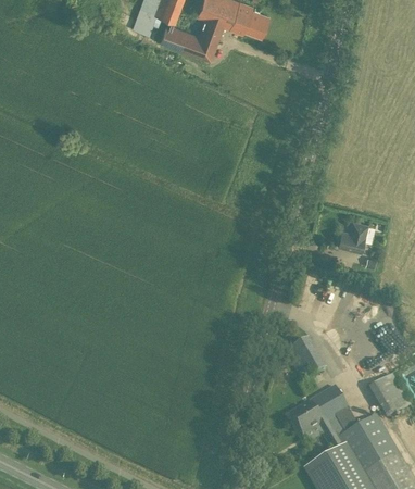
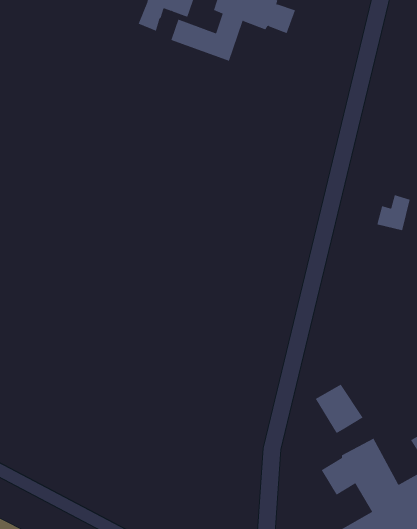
building: [338,218,367,250] -> [377,194,411,231]

